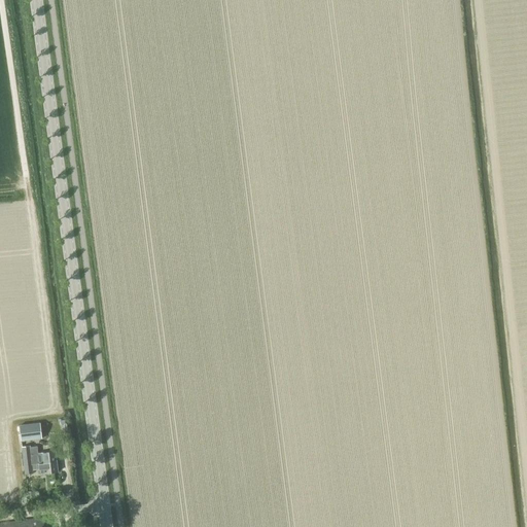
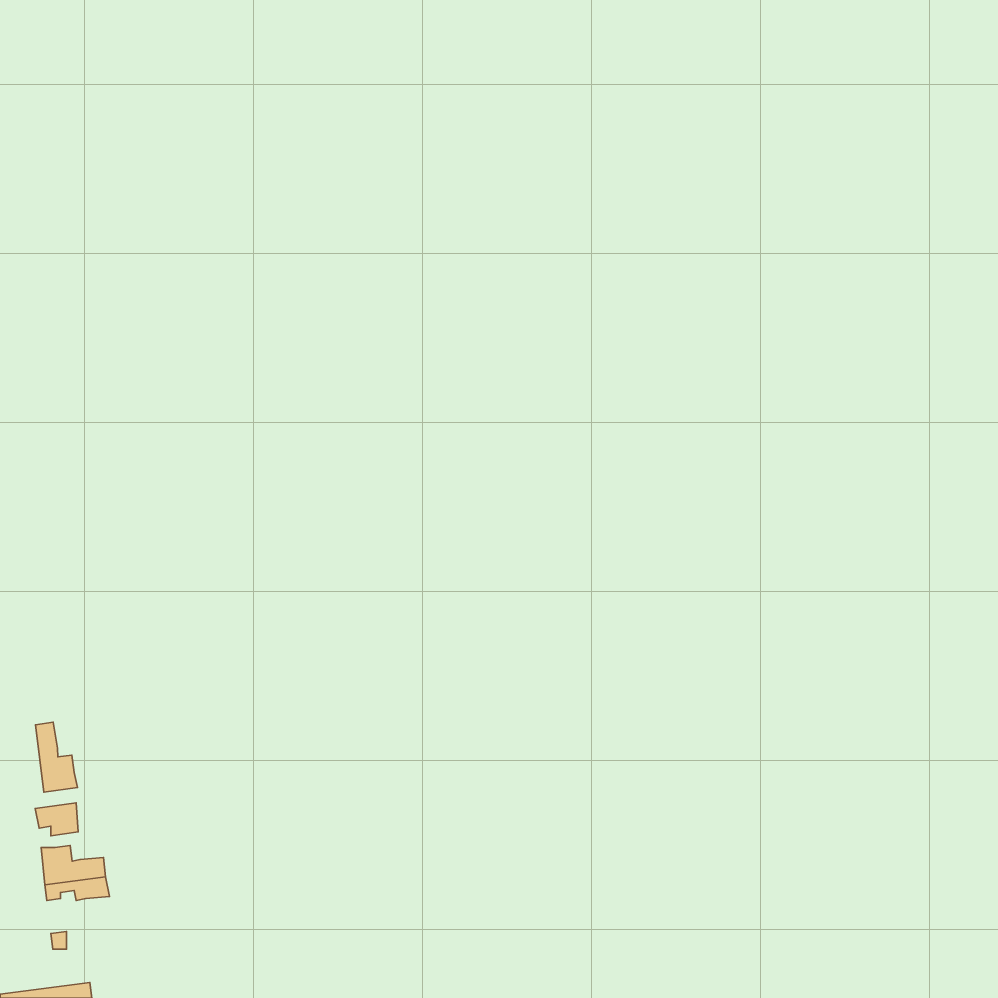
building: none -> [36,722,78,792]

